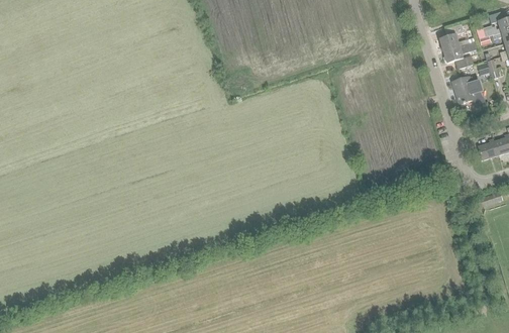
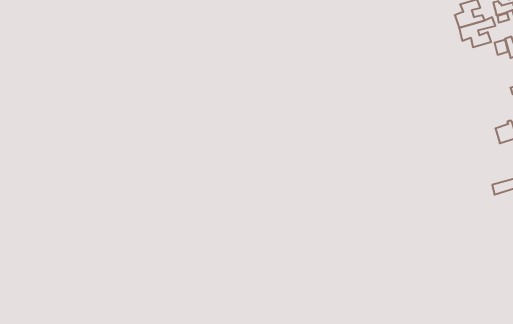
building: [453,76,487,103] -> none

